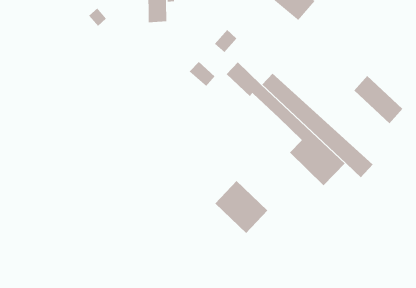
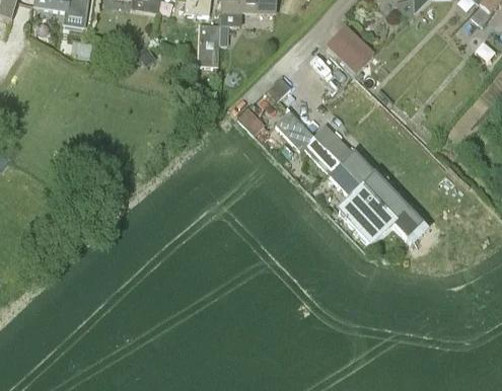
building: [354,75,403,124] -> none
building: [215,180,268,234] -> none

